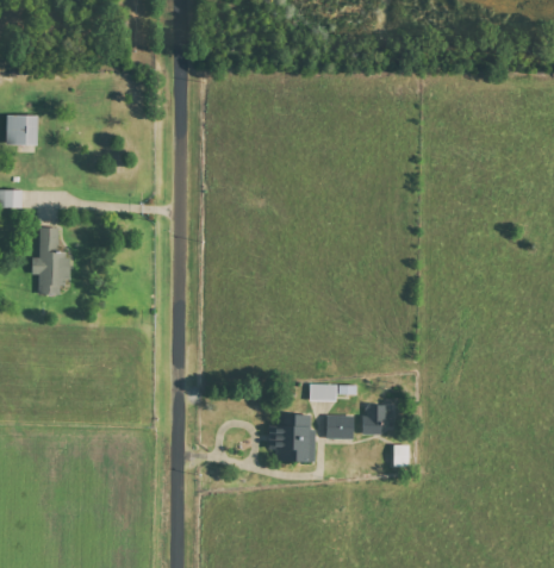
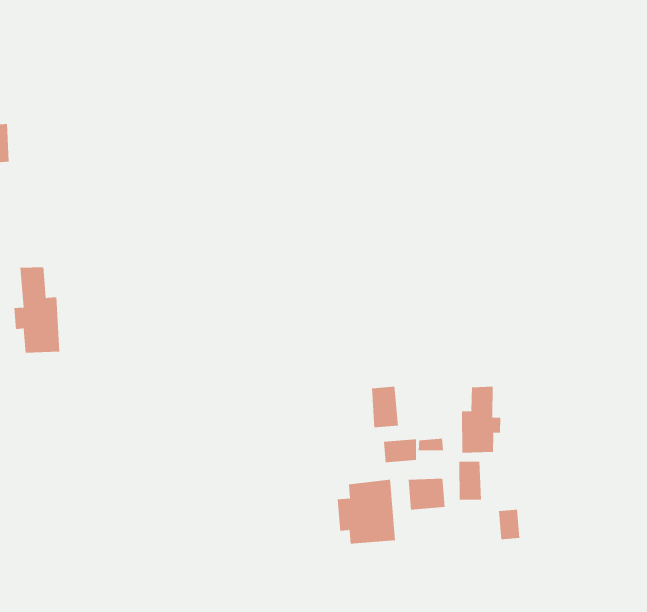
building: none -> [372,386,399,428]
building: none -> [461,386,501,453]

